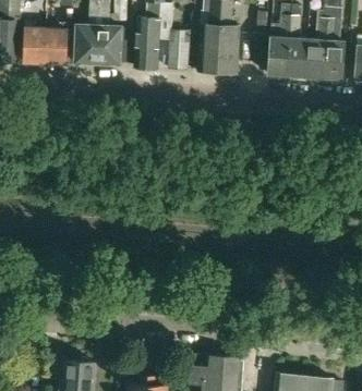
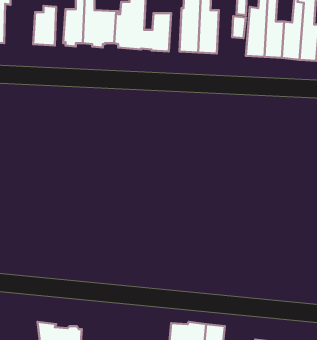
building: [21,22,45,63] -> none

